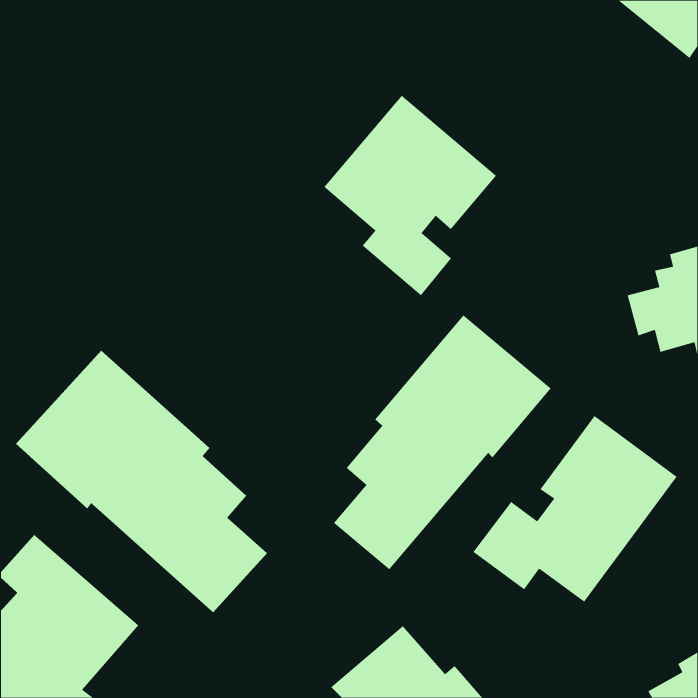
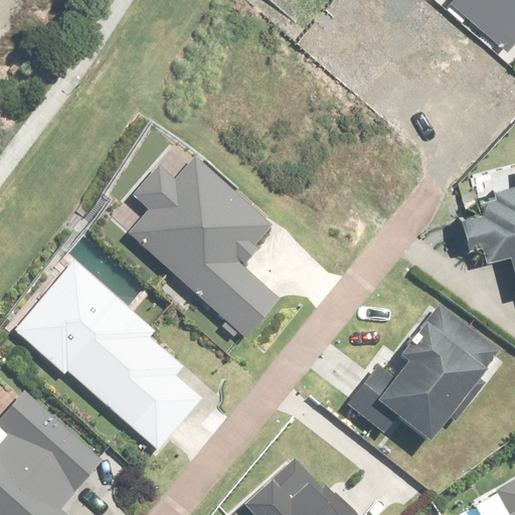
building: [324,95,497,296] -> none
building: none -> [129,158,280,336]
building: [333,315,551,570] -> none

